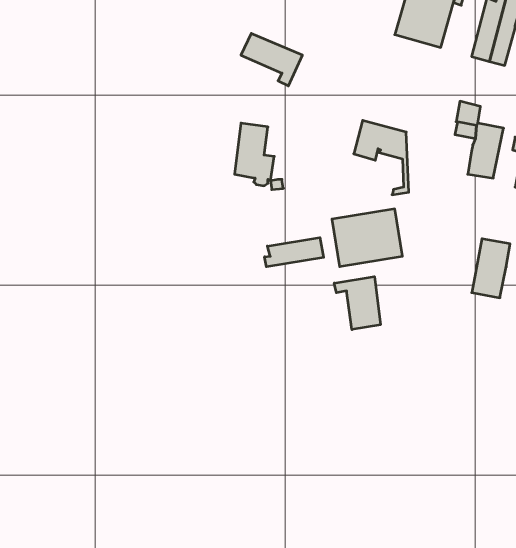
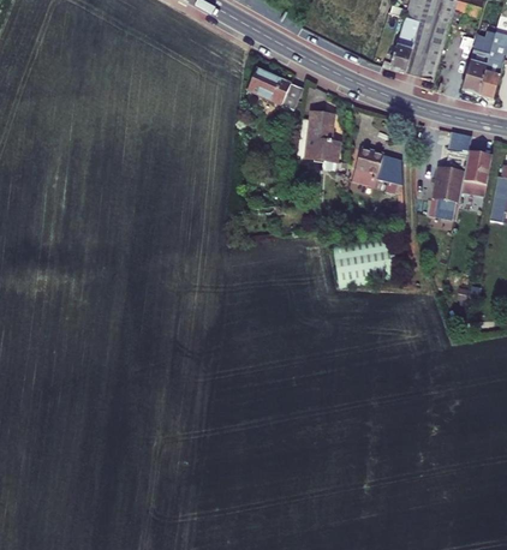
building: [235,123,274,186] -> [304,109,341,168]
building: [265,238,324,267] -> none
building: [472,239,510,298] -> [427,172,463,227]
building: [334,277,380,330] -> none

